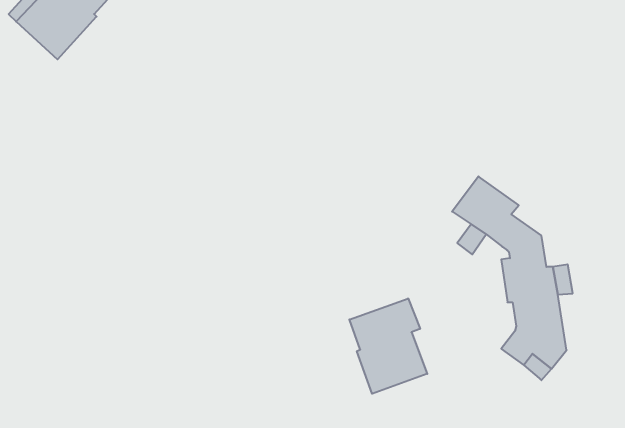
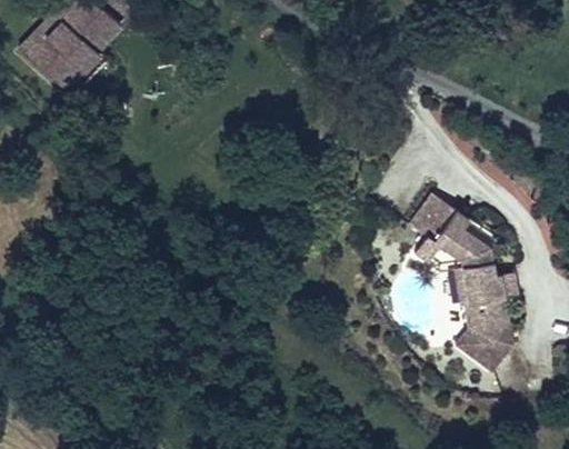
building: [349,298,427,394] -> none

